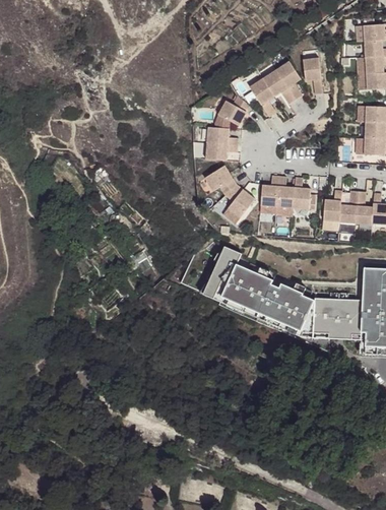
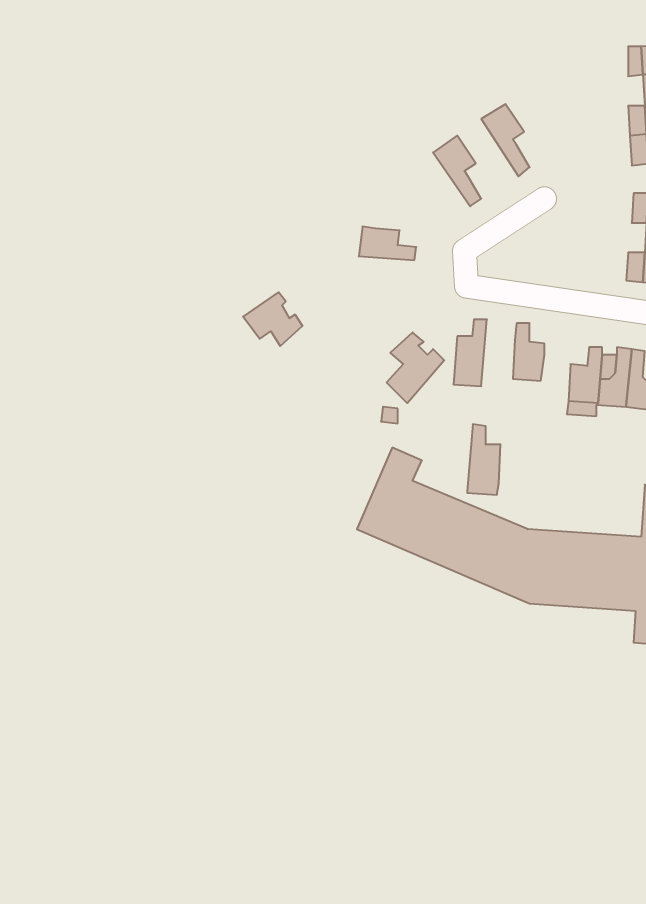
building: [303,54,323,91] -> none
building: [262,67,296,103] -> none
building: [214,93,250,128] -> none
building: [207,142,239,160] -> none
building: [205,166,238,195] -> [243,292,303,346]
building: [275,177,294,215] -> [467,424,501,495]

